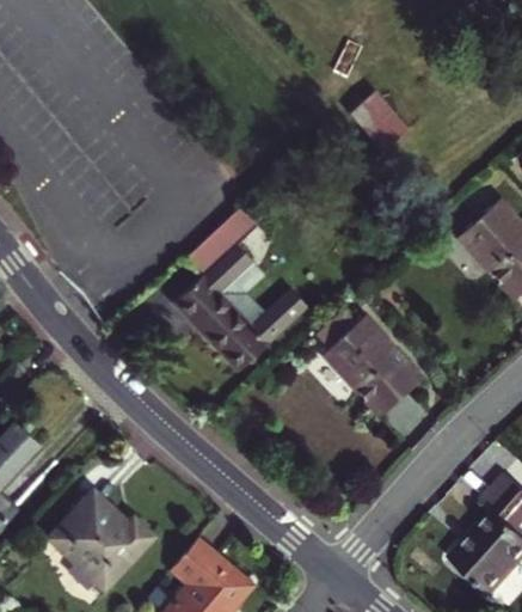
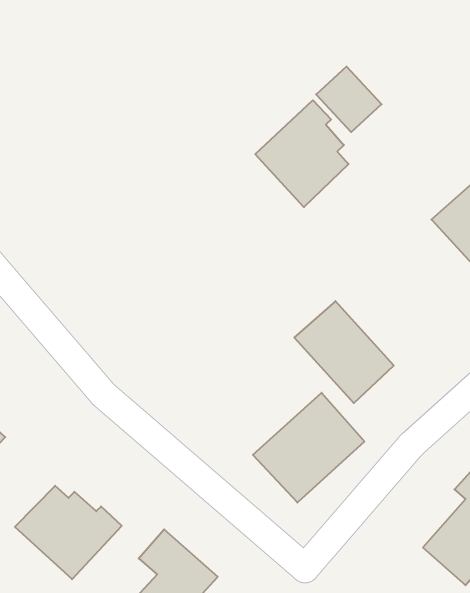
building: none -> [255,100,349,207]
building: [176,207,308,368] -> none
building: none -> [253,393,364,503]

